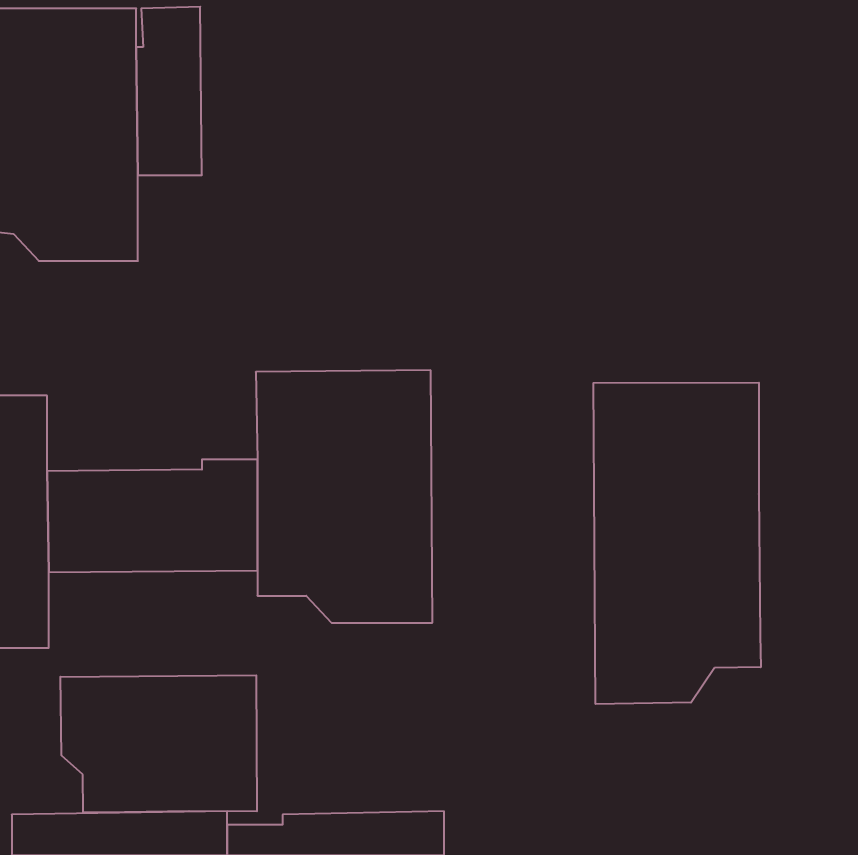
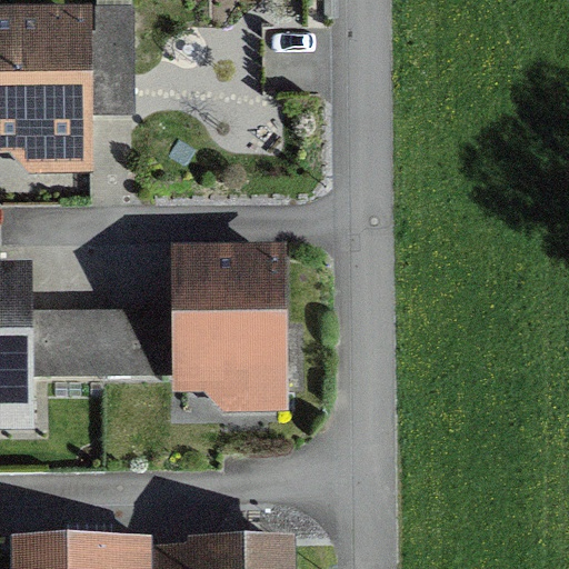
building: [593,383,761,704] -> none
building: [60,675,257,813] -> none

